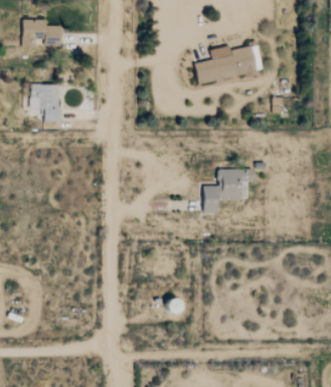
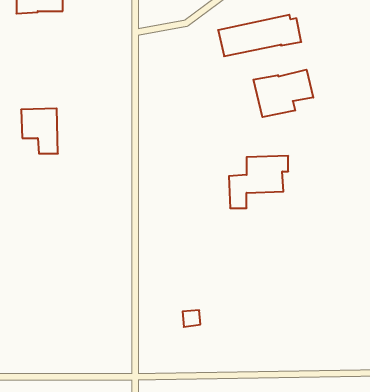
building: [29,83,60,122] -> [21,108,58,154]
building: none -> [253,70,313,117]

